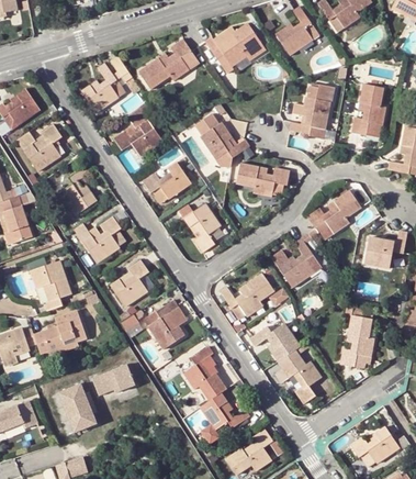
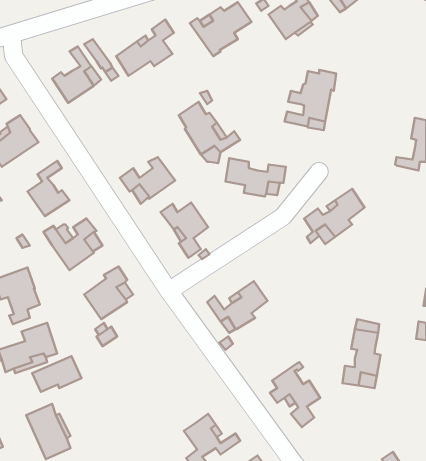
building: [351,80,385,138] -> none
building: [113,101,162,156] -> none
building: [363,231,406,268] -> none
building: [271,233,321,287] -> none
building: [144,299,187,349] -> none
building: [249,324,300,361] -> none
building: [183,346,226,400] -> none
building: [91,361,135,393] -> [32,356,81,392]

